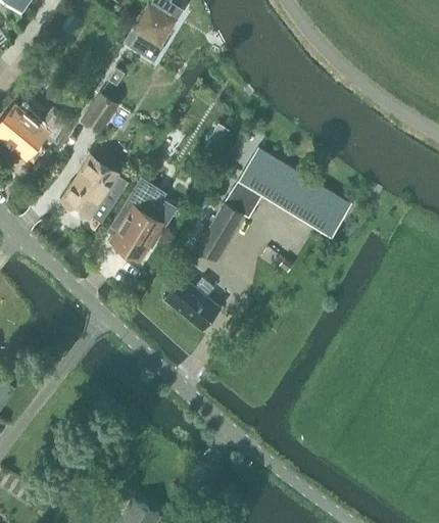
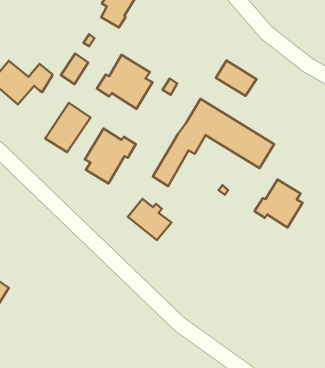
building: none -> [97,55,153,109]
building: none -> [216,60,257,96]
building: none -> [255,179,303,227]

